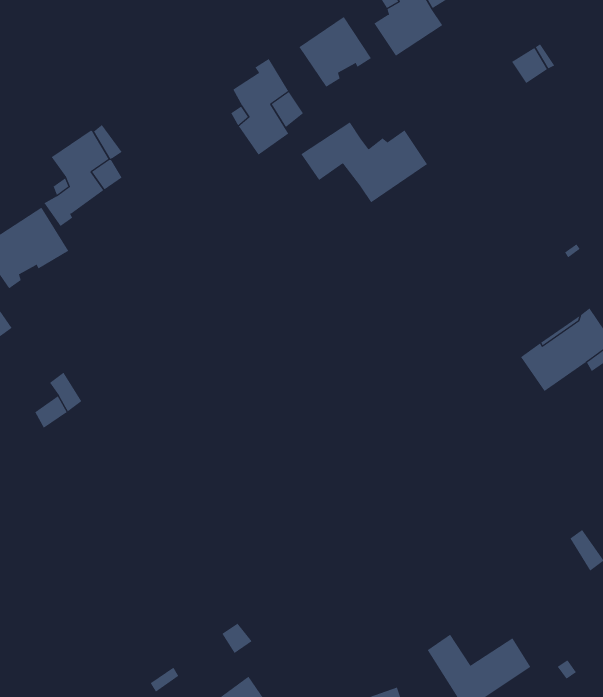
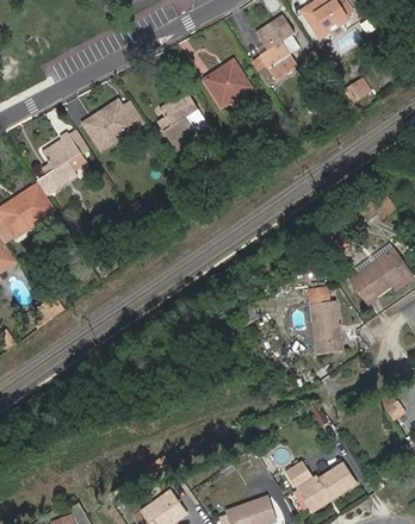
building: none -> [82,100,142,150]
building: [301,122,428,203] -> none
building: none -> [308,287,340,354]

